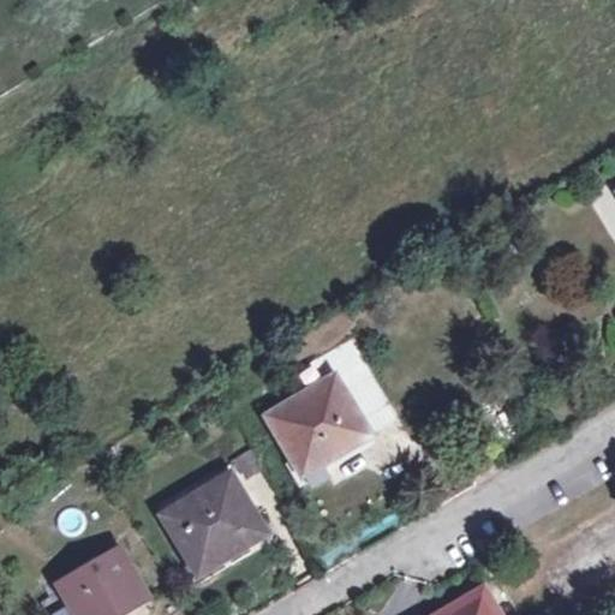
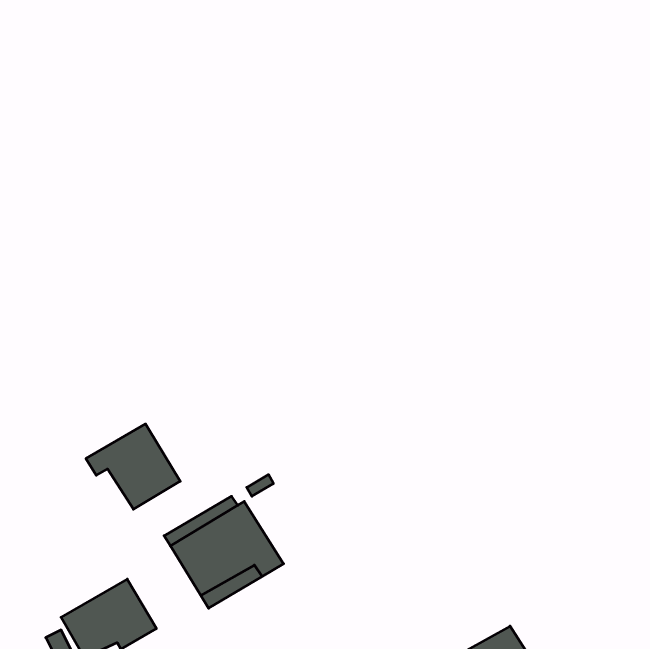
building: [267,378,370,477] -> none
building: none -> [86,424,180,509]

